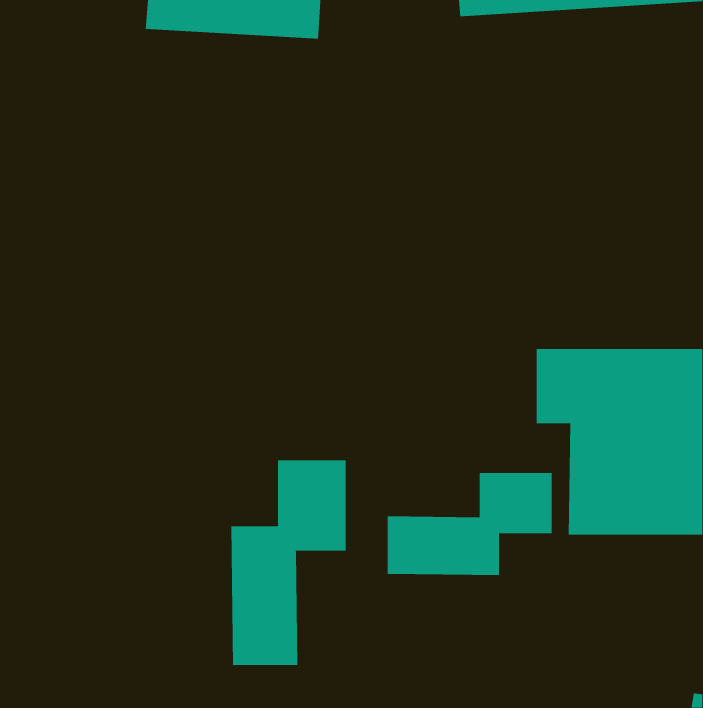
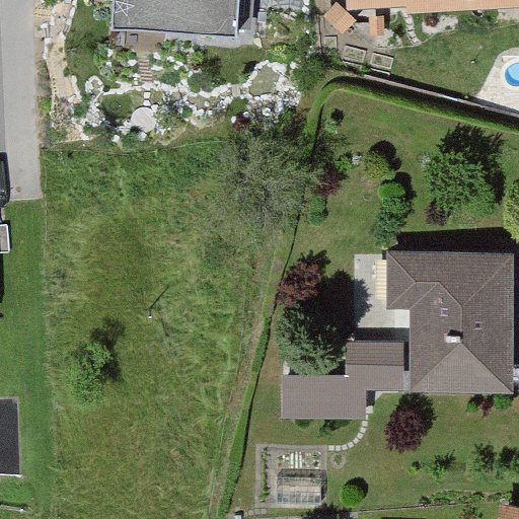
building: [231,460,346,666] -> none

